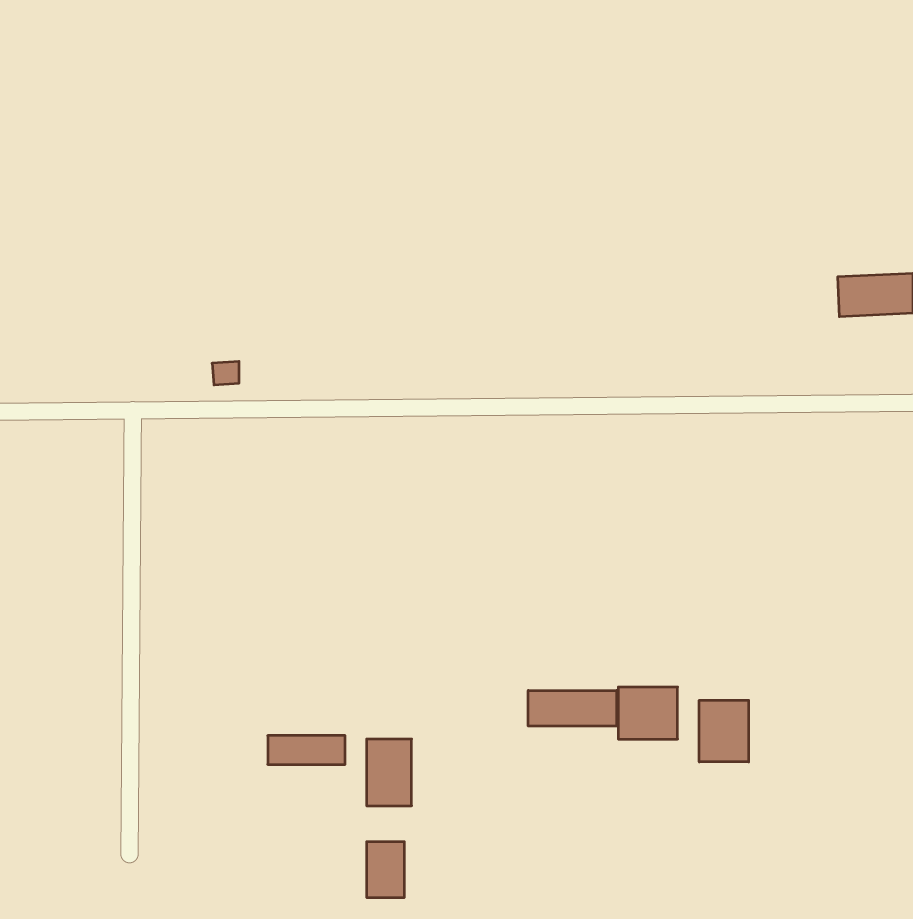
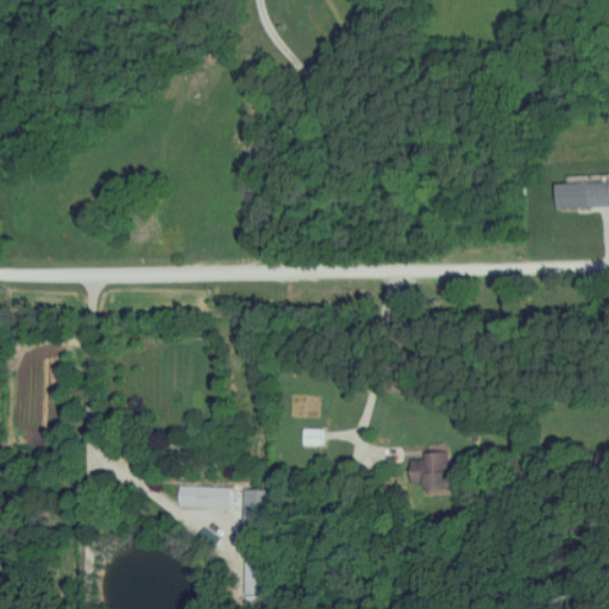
building: [528,690,617,726] -> none
building: [699,700,749,762] -> none

